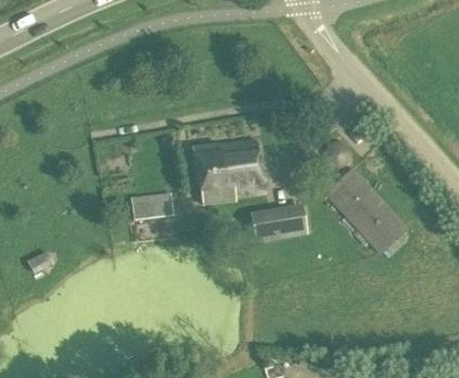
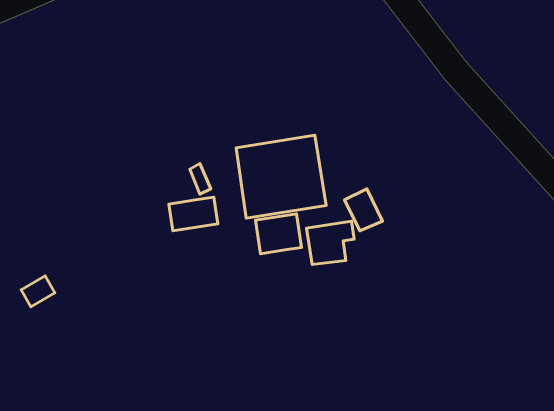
building: [323,167,409,255] -> none
building: none -> [255,214,302,254]

